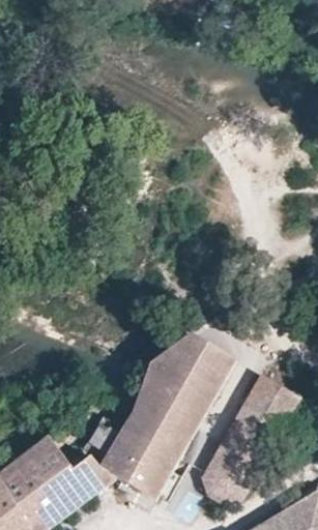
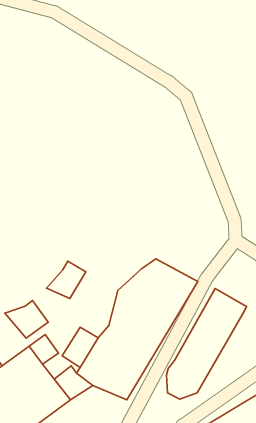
building: none -> [46,261,86,299]
building: none -> [5,300,48,338]

